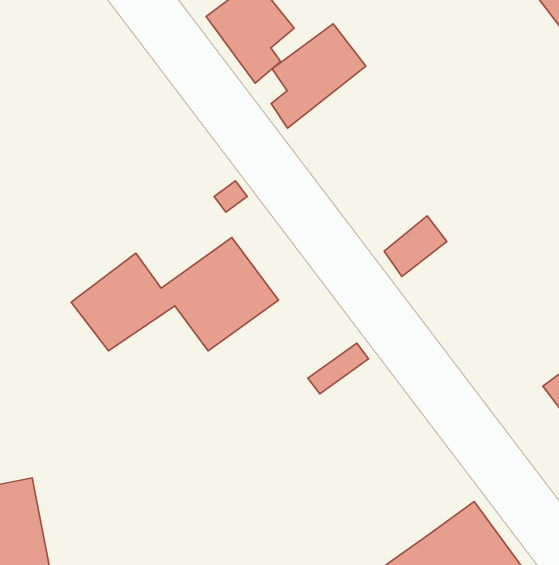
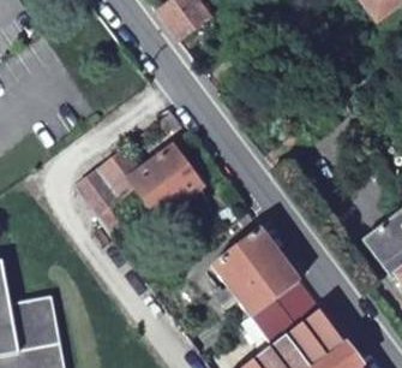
building: [271,24,366,128] -> none
building: none -> [211,228,322,336]

